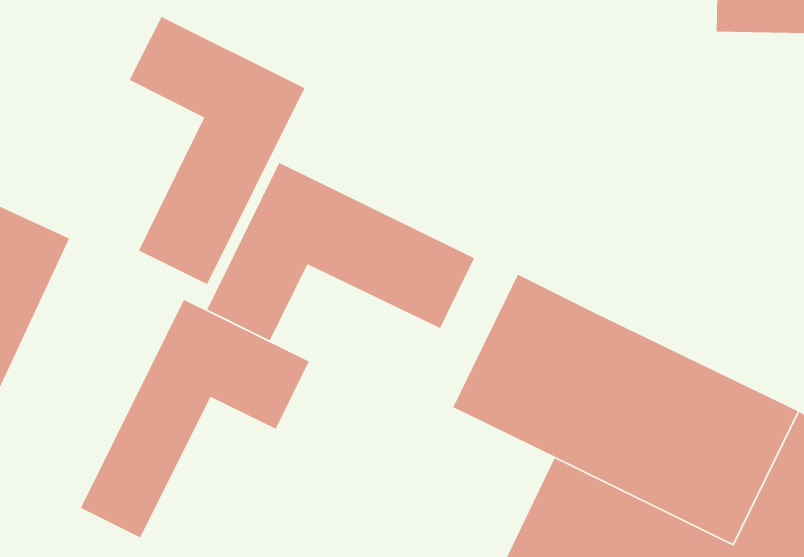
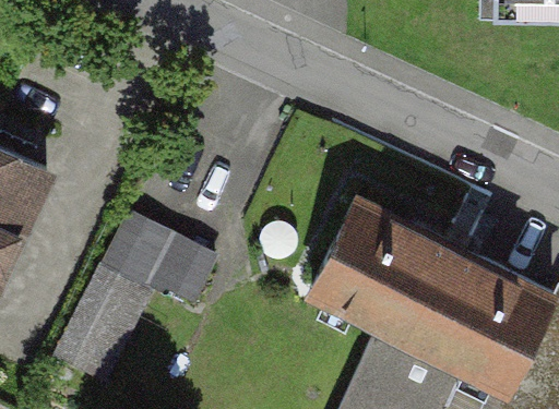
building: [128,16,306,285] -> none
building: [206,162,475,342] -> none

